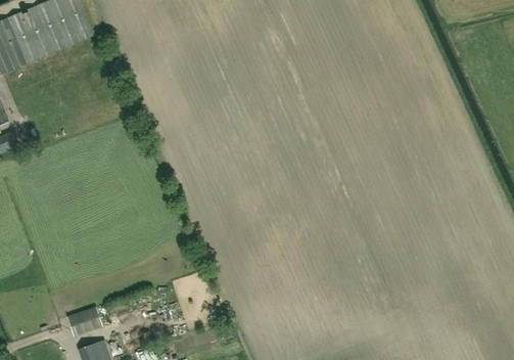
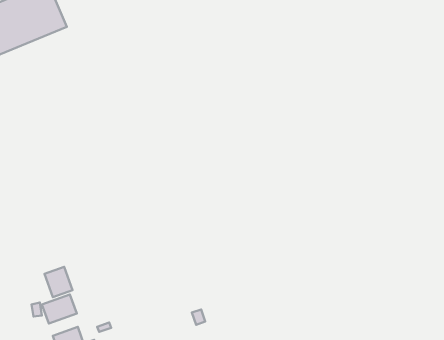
building: none -> [44,267,73,297]

